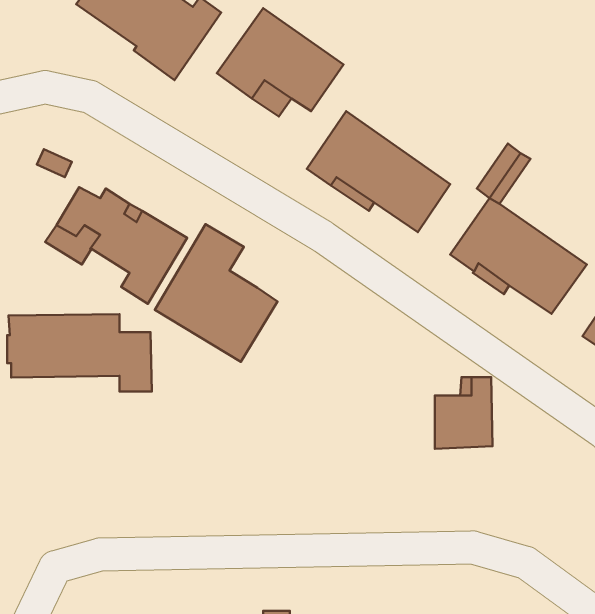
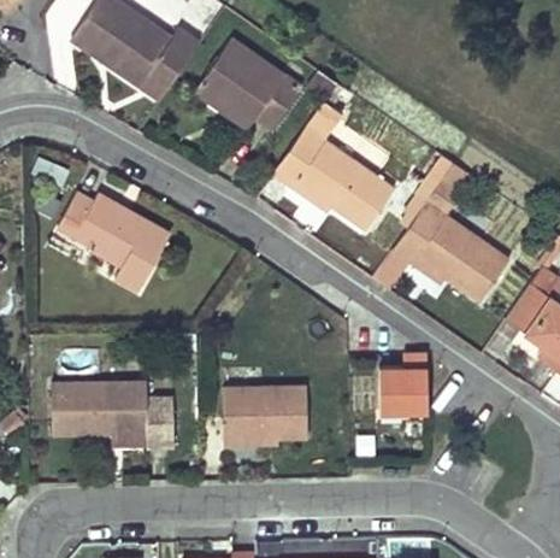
building: [155,224,277,362] -> none
building: [7,314,152,391] -> [51,383,175,450]
building: none -> [225,387,310,447]

